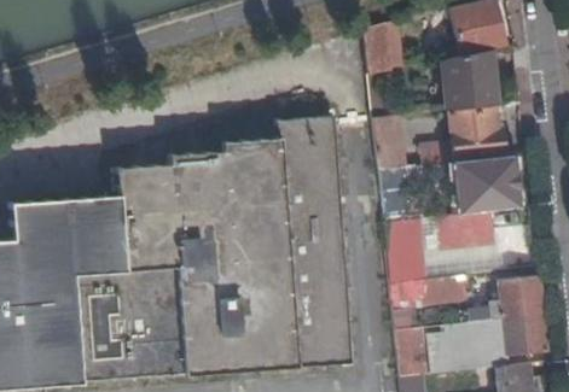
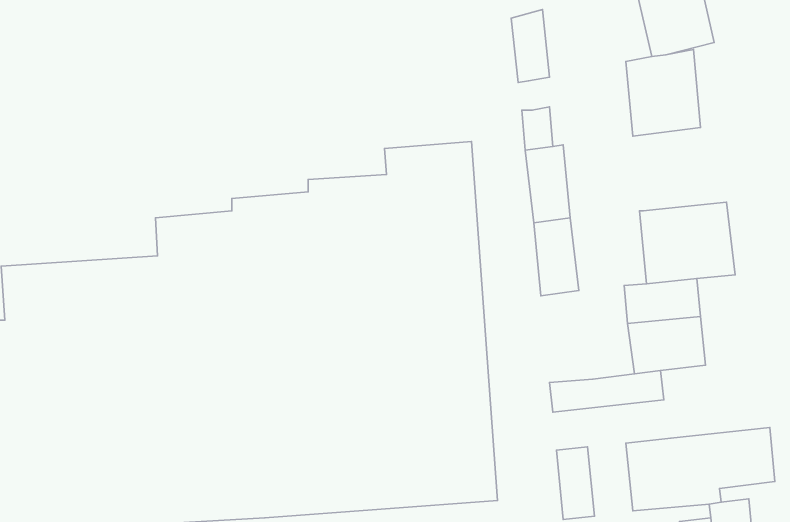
building: [419,109,504,166] -> none
building: [383,218,419,282] -> none
building: [472,276,542,321] -> none

